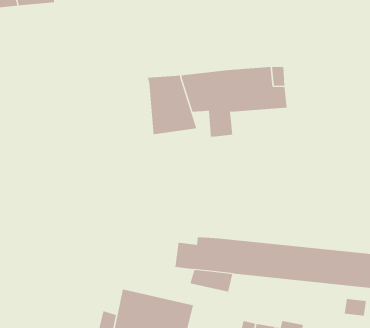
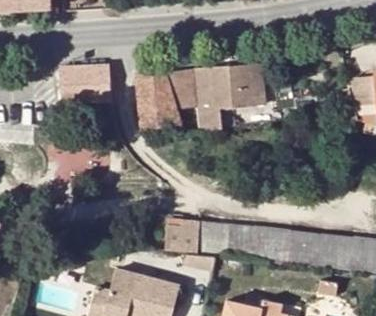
building: none -> [62,63,112,104]

